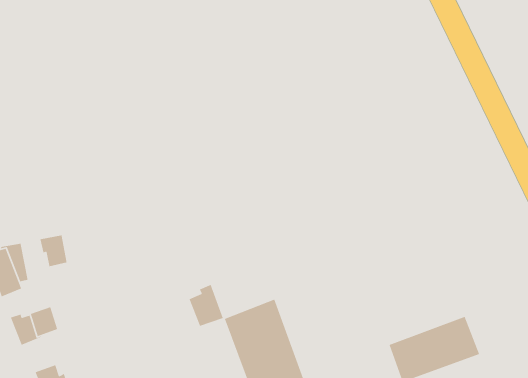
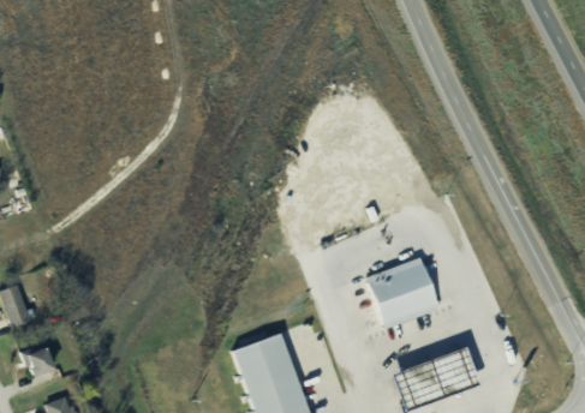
building: none -> [363,256,438,328]
building: [40,234,67,267] -> none
building: [188,284,224,327] -> none

